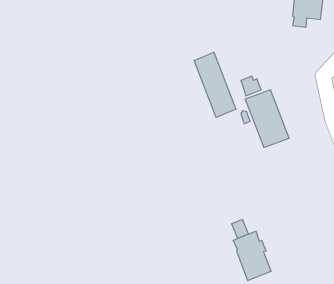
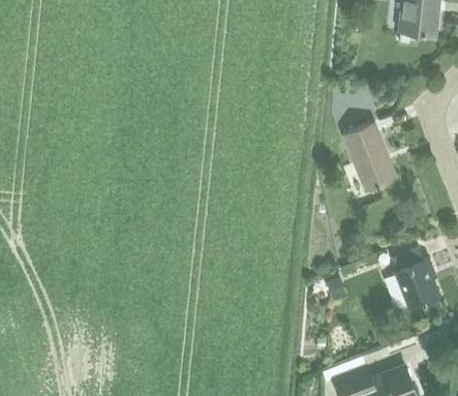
building: [194,52,236,117] -> none
building: [233,231,271,280] -> [392,248,438,308]

